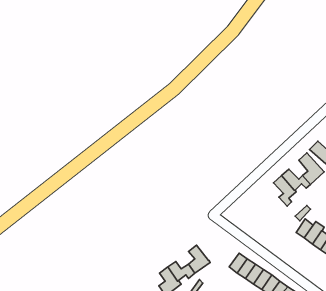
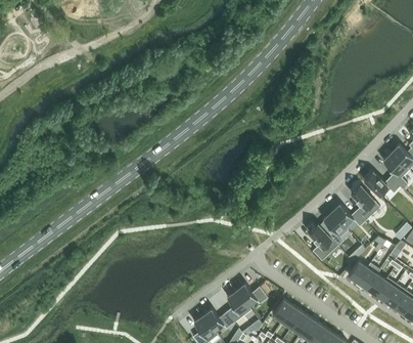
building: none -> [308,224,337,260]
building: none -> [235,283,267,307]

